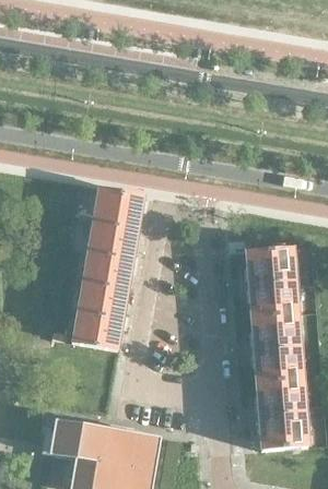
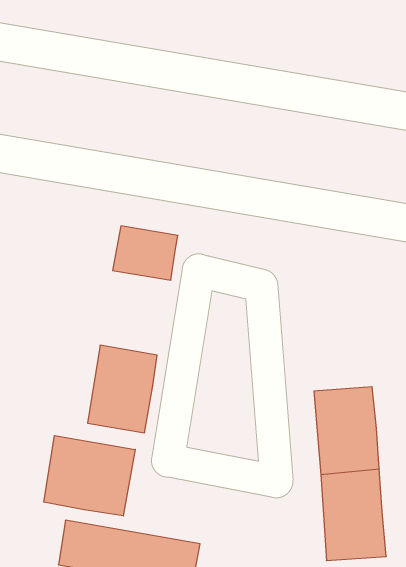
building: [82,222,138,288] -> none
building: [245,247,296,317] -> none
building: none -> [44,436,135,516]

